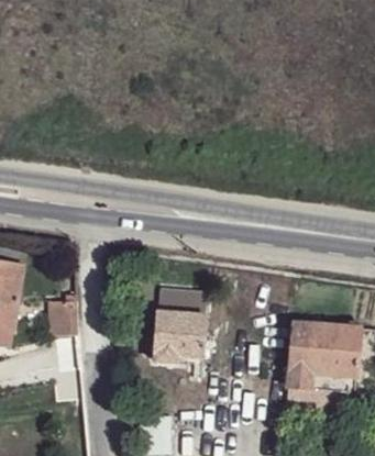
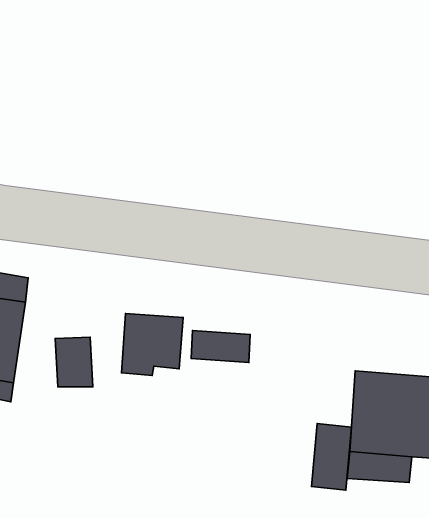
building: [154,312,205,363] -> [121,314,183,375]
building: none -> [312,423,351,490]

